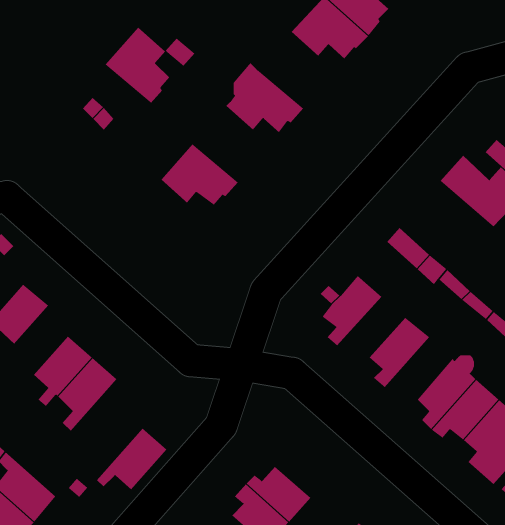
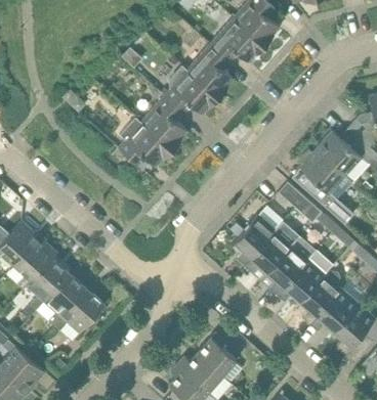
building: [105,27,170,104] -> [140,95,186,149]
building: none -> [186,43,234,97]
building: none -> [299,148,353,223]
building: none -> [243,230,291,273]
building: none -> [14,236,56,285]
building: none -> [277,259,325,303]
building: [96,428,167,490] -> [54,288,104,332]
building: none -> [199,332,236,372]

